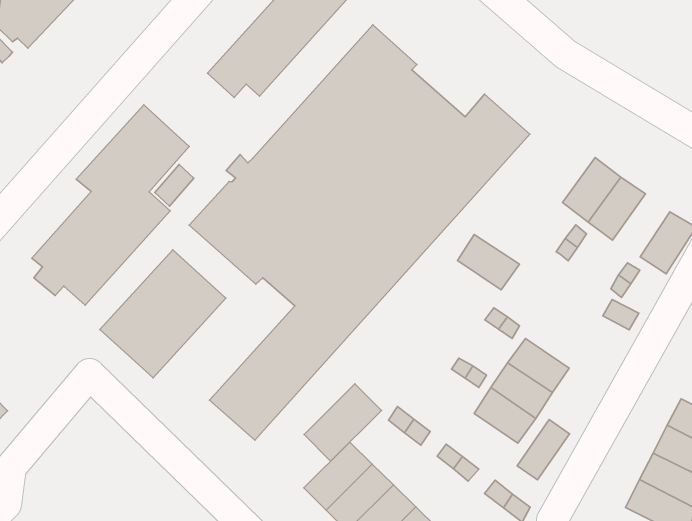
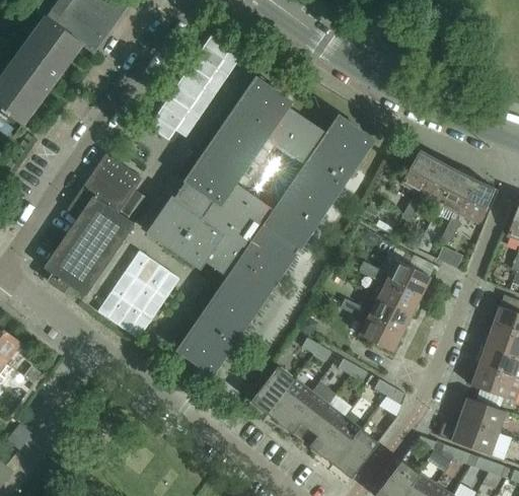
building: none -> [439,169,475,213]
building: [458,234,520,290] -> [388,260,431,295]
building: [304,384,382,461] -> none
building: [517,420,569,480] -> none

